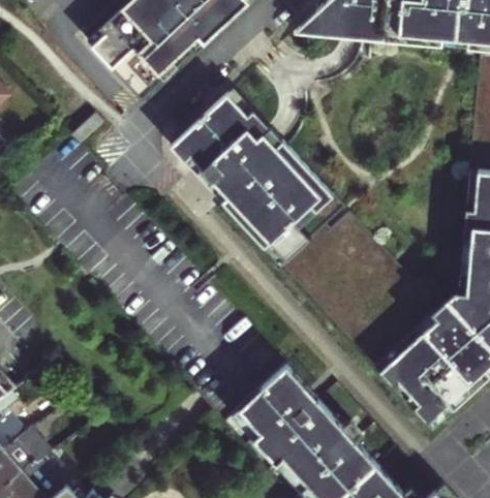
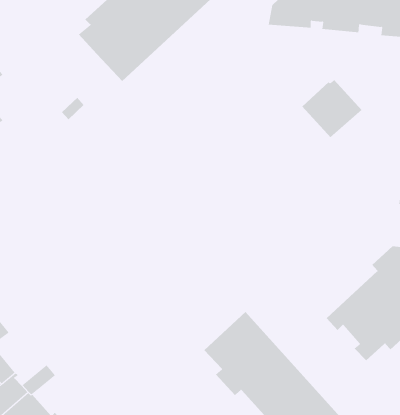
building: [170,91,334,258] -> none
building: none -> [301,79,363,138]

